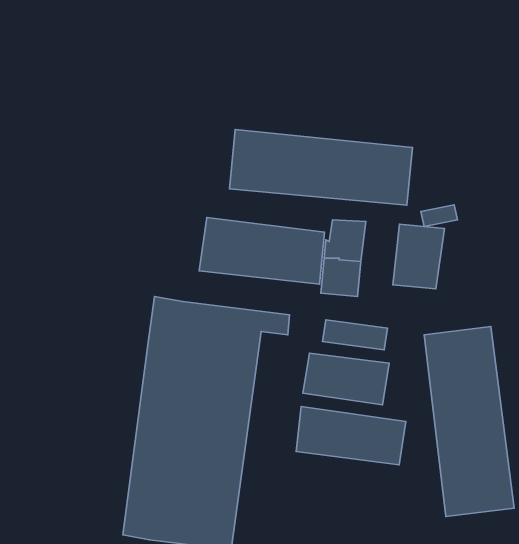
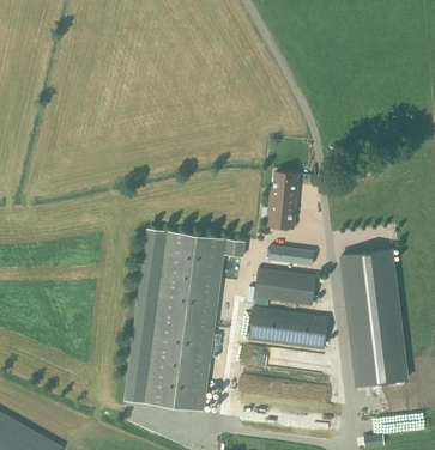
building: [229,130,413,205] -> none
building: [199,217,325,284] -> none
building: [393,224,444,289] -> none

